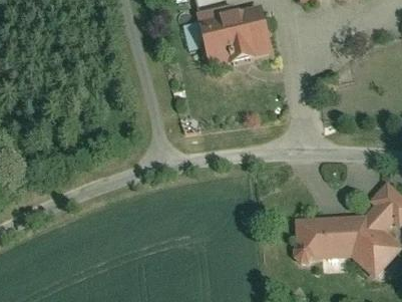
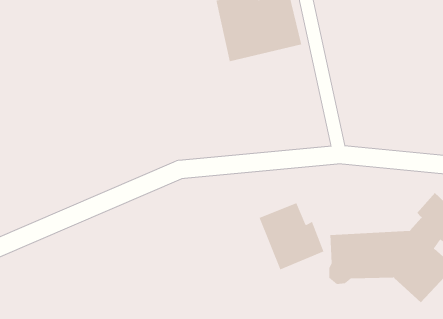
building: none -> [258,202,324,270]

